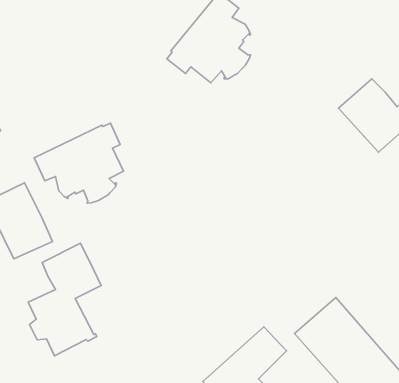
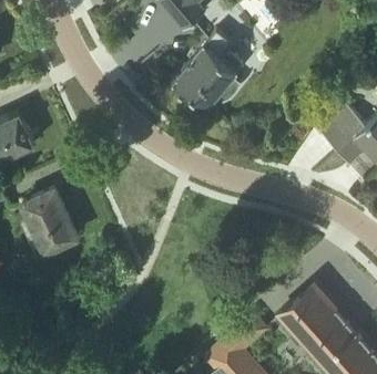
building: [34,123,123,203] -> none
building: [28,243,101,356] -> none

